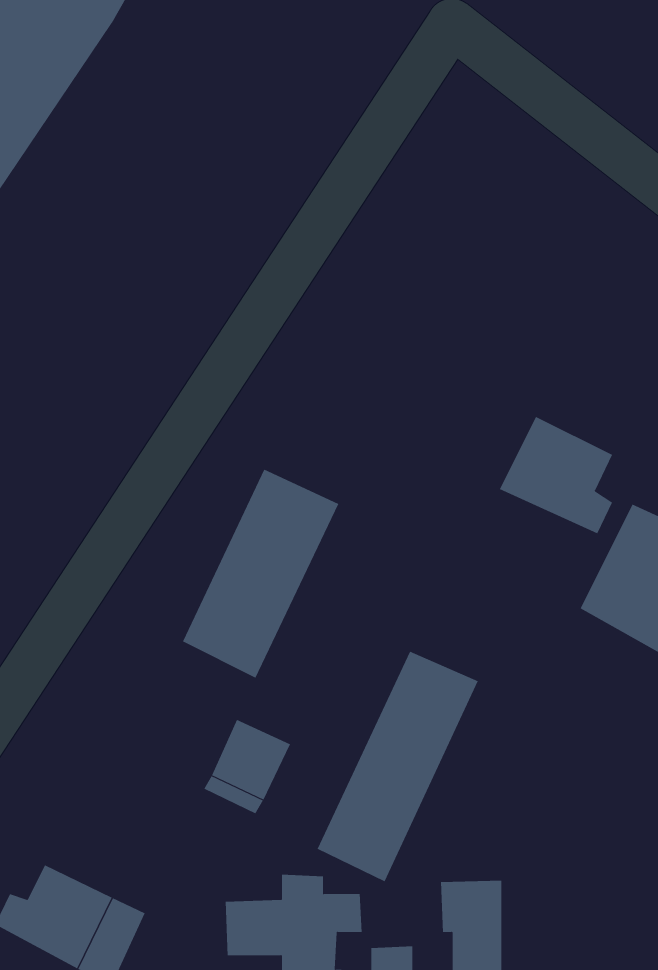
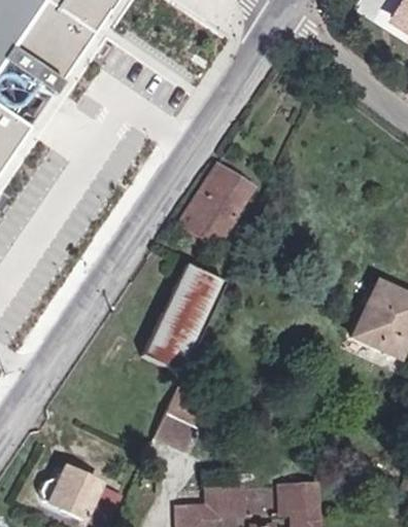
building: none -> [182,163,250,245]
building: [499,416,613,534] -> none
building: [317,651,478,882] -> none

